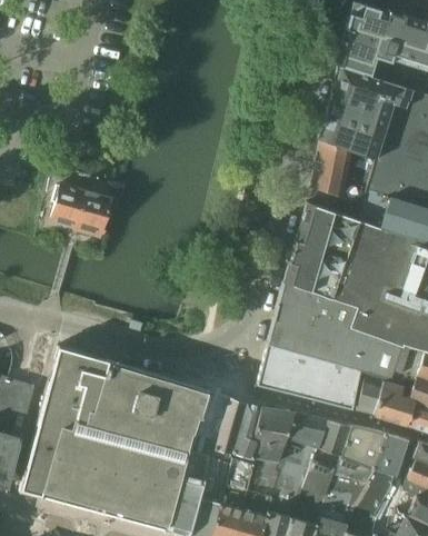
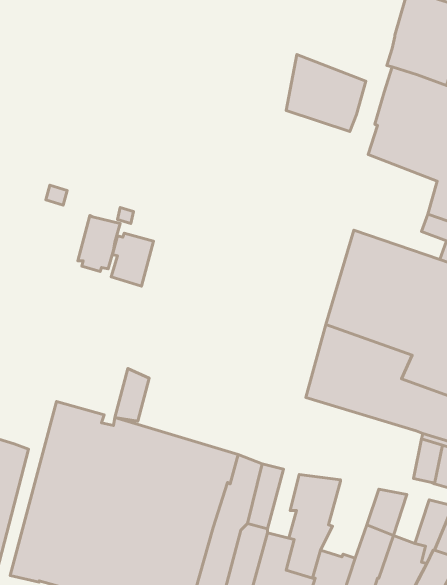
building: [312,140,379,205] -> [286,55,366,132]
building: [52,185,88,229] -> [111,233,153,286]
building: none -> [115,368,149,421]
building: [259,344,361,409] -> none
building: [237,404,263,461] -> none
building: [281,414,330,478] -> none
building: [342,425,372,466] -> none

